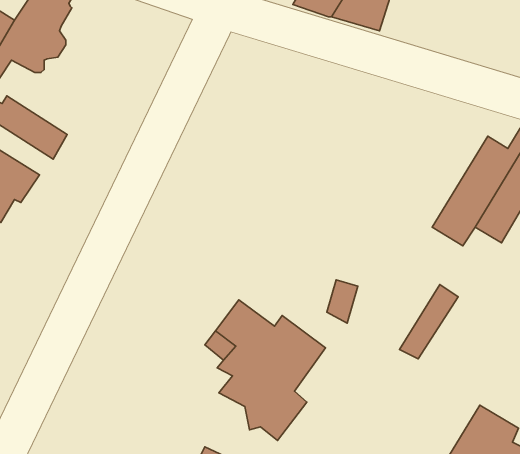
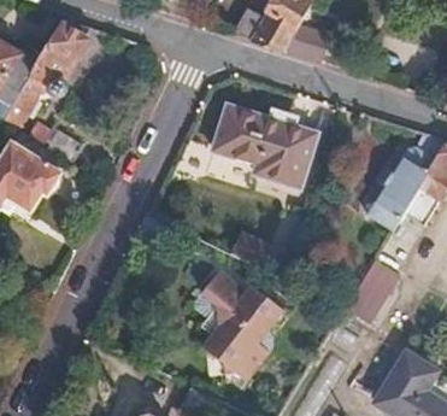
building: none -> [211,105,314,186]

